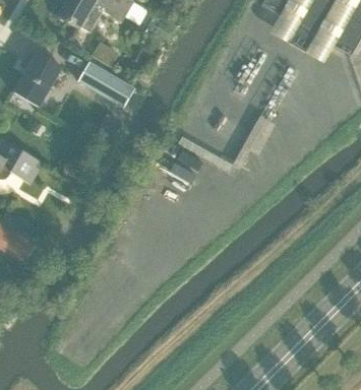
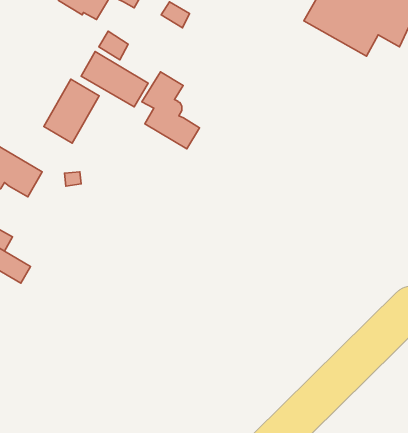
building: [12,51,60,106] -> [44,79,99,143]
building: none -> [142,72,200,149]

